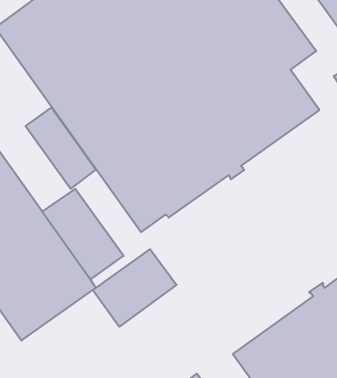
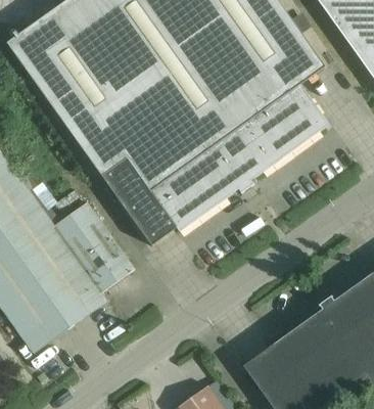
building: [26,108,96,189] -> none
building: [93,249,177,327] -> none

